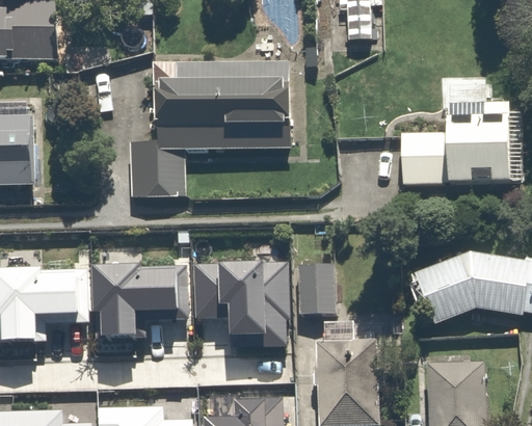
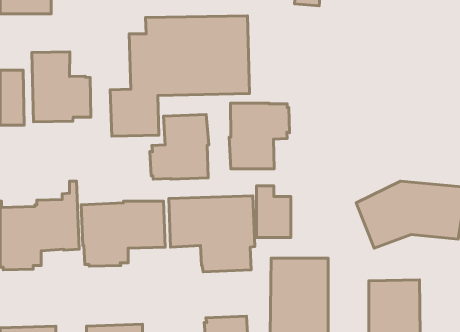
building: [397,99,509,181] -> none
building: none -> [32,52,91,122]
building: none -> [229,103,289,169]
building: none -> [150,114,209,179]

